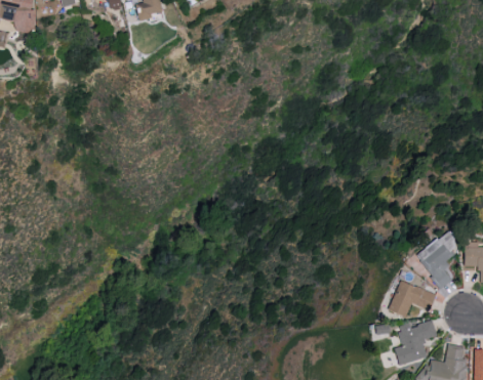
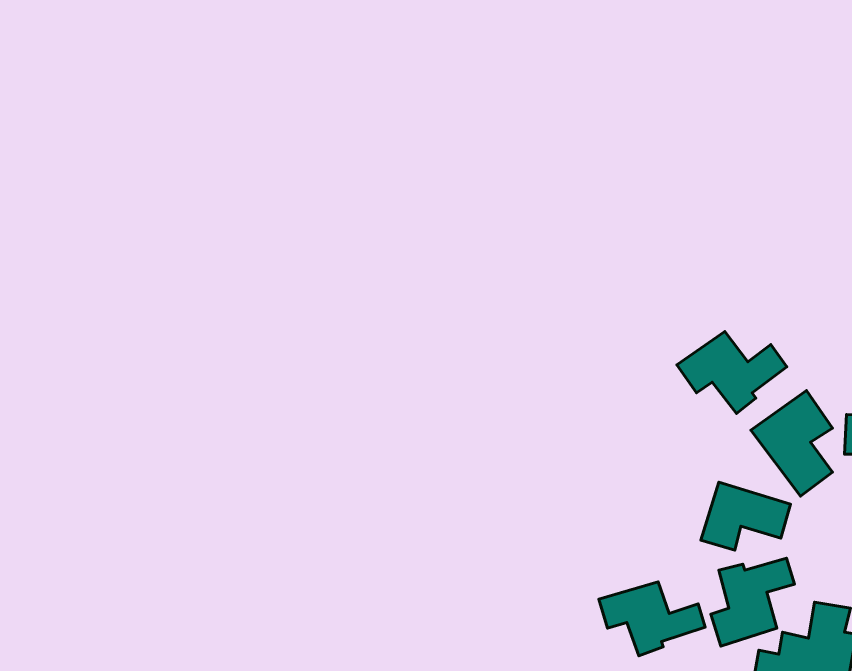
building: none -> [677,332,787,414]
building: none -> [599,582,705,656]

